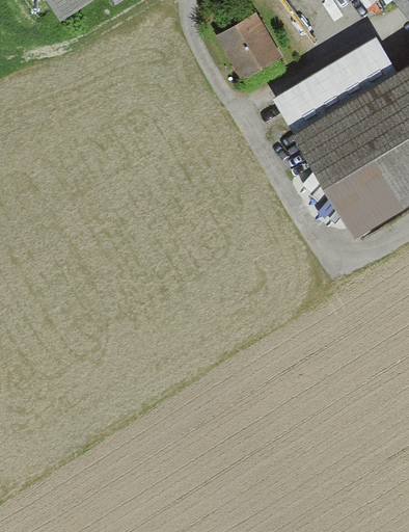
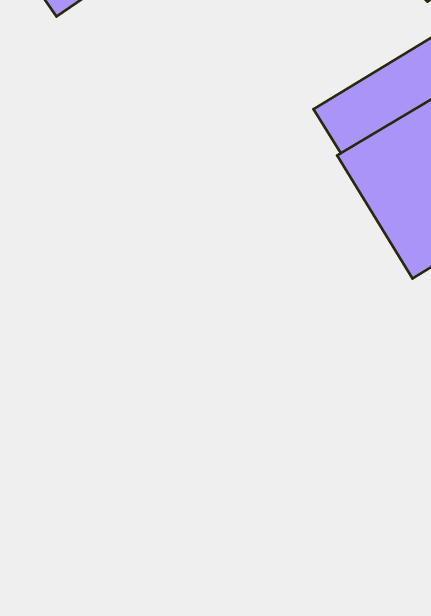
building: [218,11,282,79] -> none

